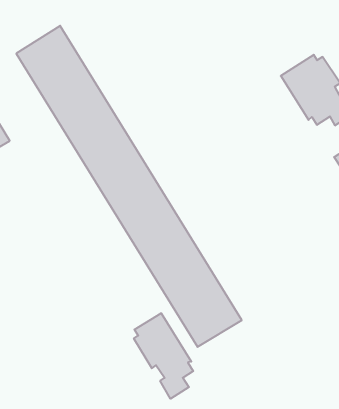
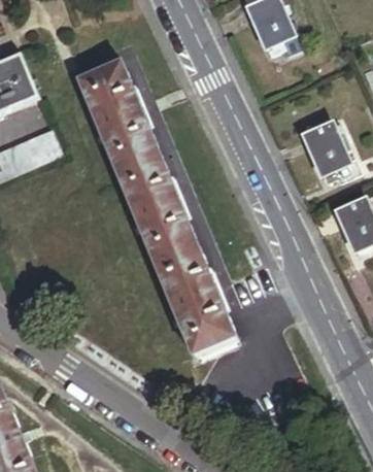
building: [134,313,193,399] -> none

